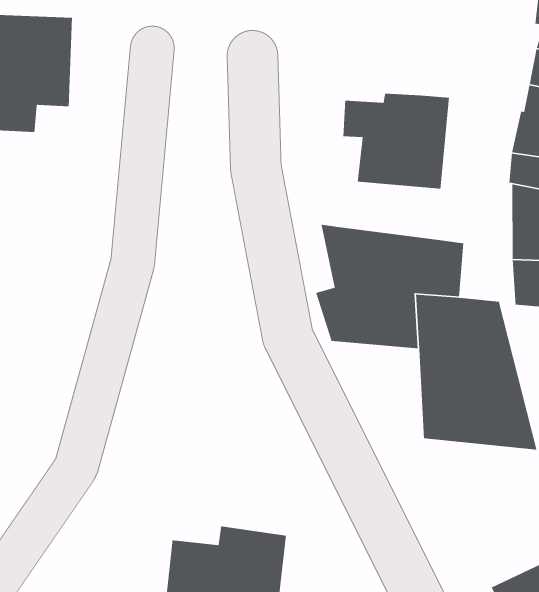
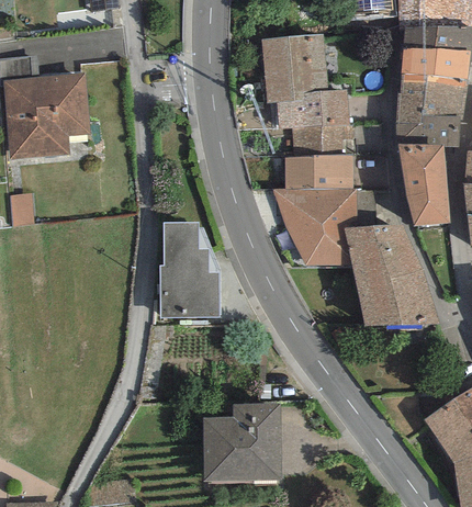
building: none -> [261,34,328,102]
building: none -> [285,154,353,189]
building: none -> [159,223,221,318]

